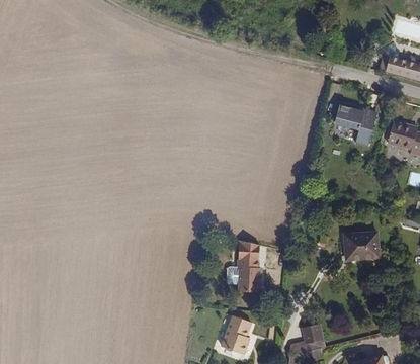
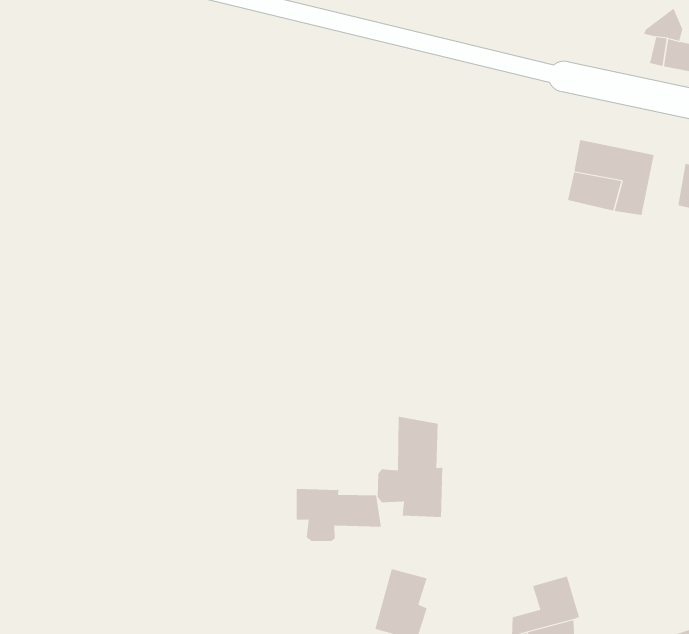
building: [345,232,381,259] -> none
building: none -> [296,488,381,542]

